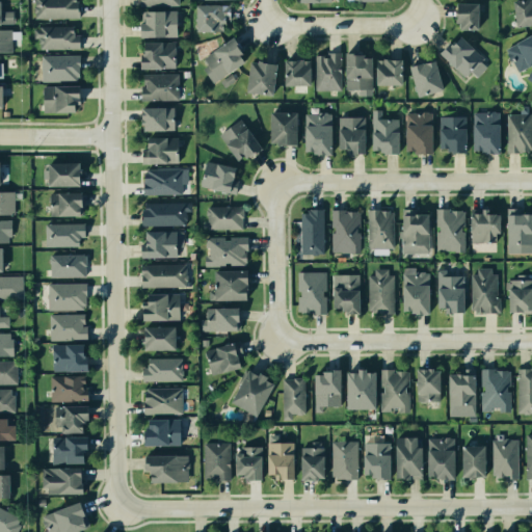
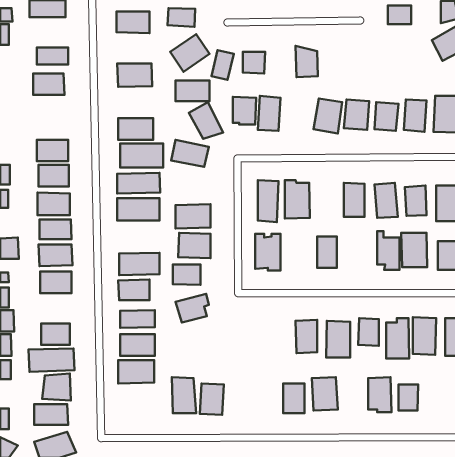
building: [41,25,80,50] -> none
building: [443,38,489,79] -> none
building: [140,44,176,69] -> none
building: [318,53,341,89] -> none
building: [410,57,442,96] -> none
building: [379,59,402,84] -> none
building: [139,107,179,131] -> [175,81,210,101]
building: [339,118,367,151] -> none
building: [206,206,244,232] -> none
building: [370,211,396,251] -> none
building: [140,262,192,289] -> none
building: [405,273,432,315] -> none
building: [337,275,362,315] -> none
building: [50,346,84,371] -> none
building: [227,370,273,418] -> none
building: [314,372,338,409] -> none
building: [278,381,309,420] -> none
building: [398,437,425,479] -> none
building: [497,441,518,476] -> none
building: [269,443,296,480] -> none
building: [303,443,327,479] -> none
building: [143,455,189,481] -> none

